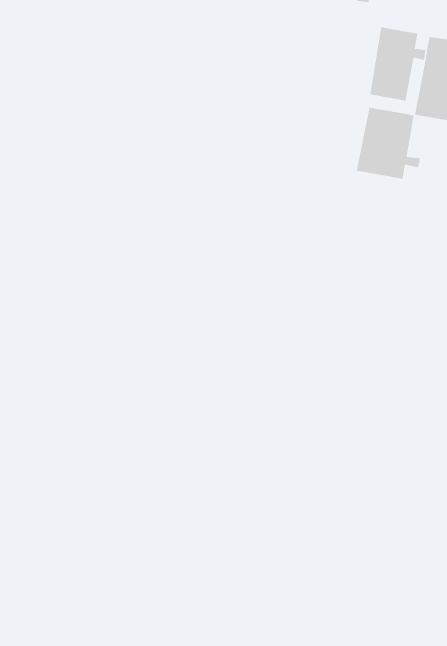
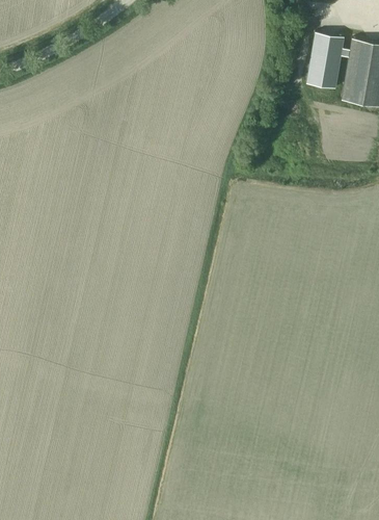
building: [356,107,421,180] -> none

